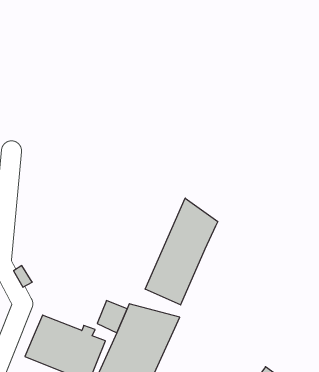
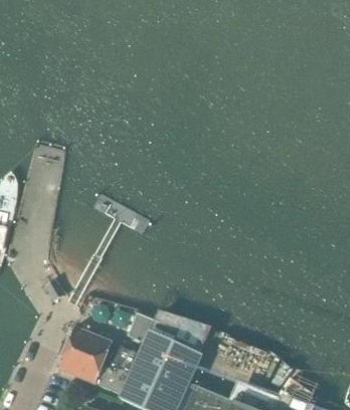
building: [145,198,218,305] -> none

